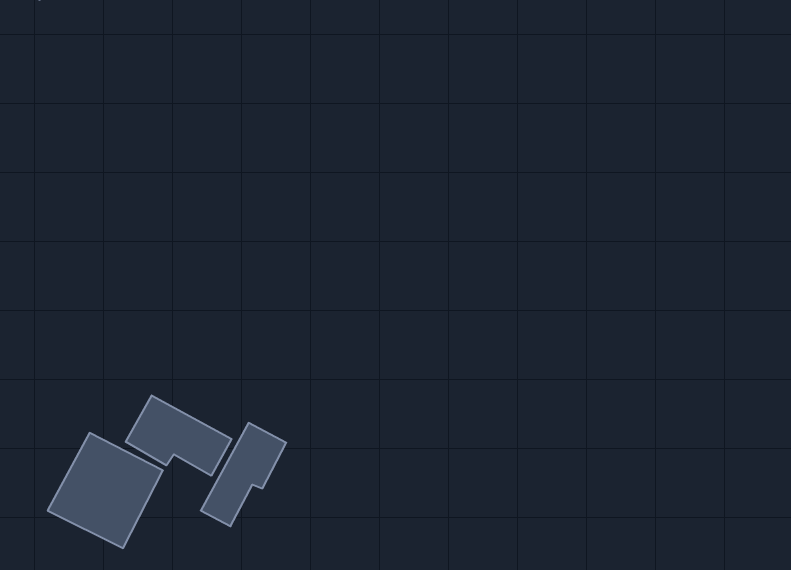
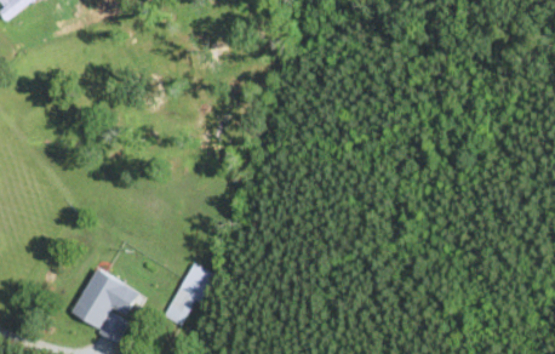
building: [126,395,232,476] -> none

